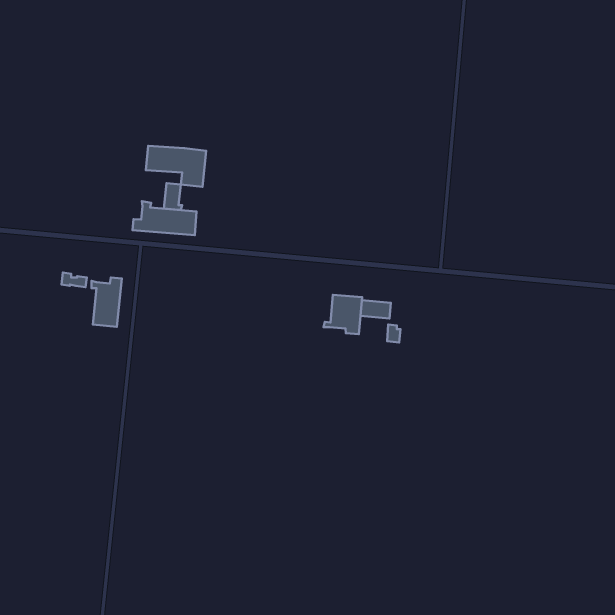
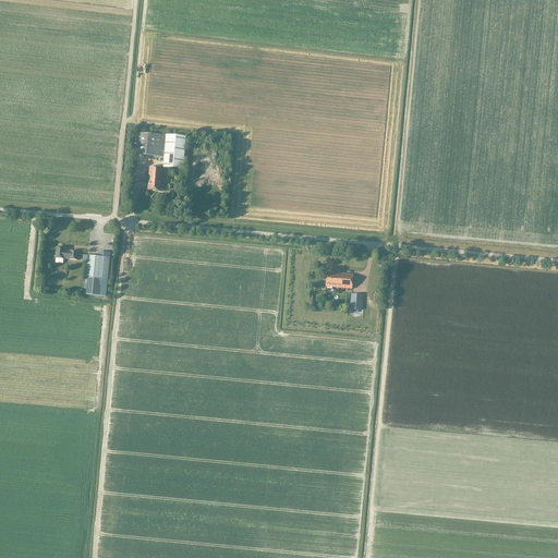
building: [133,201,197,235] -> none
building: [324,295,362,334] -> none

